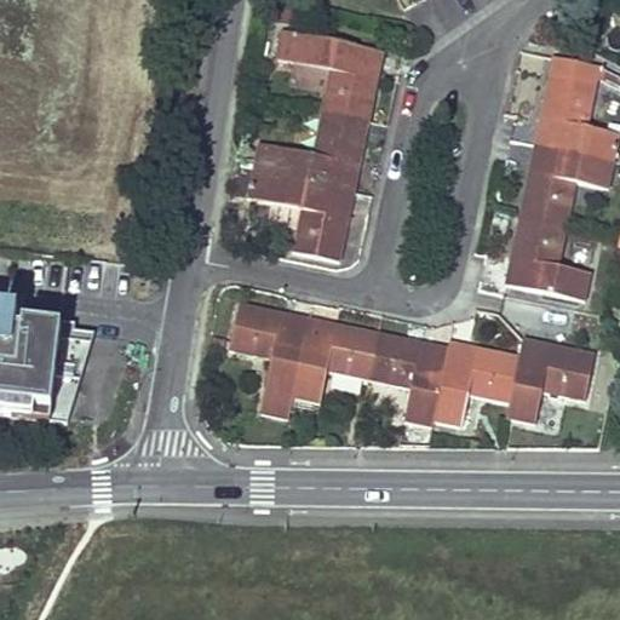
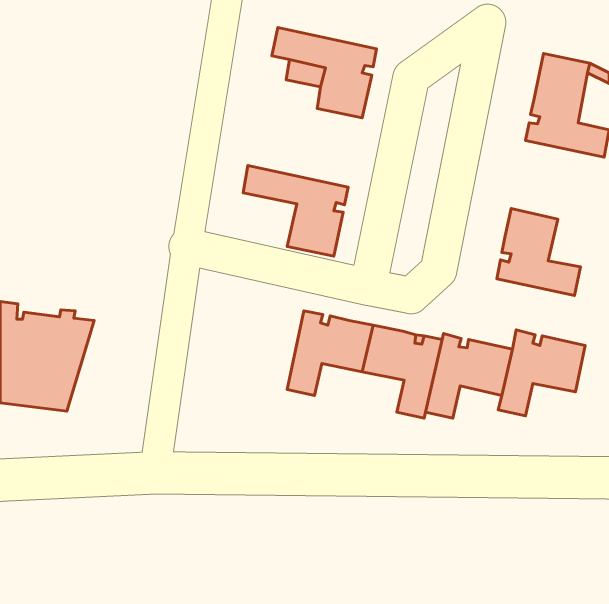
building: [252,110,368,190] -> none
building: [519,143,614,223] -> none
building: [229,302,309,418] -> none

